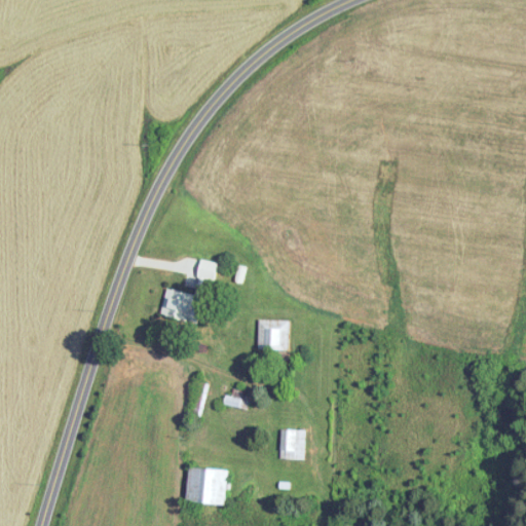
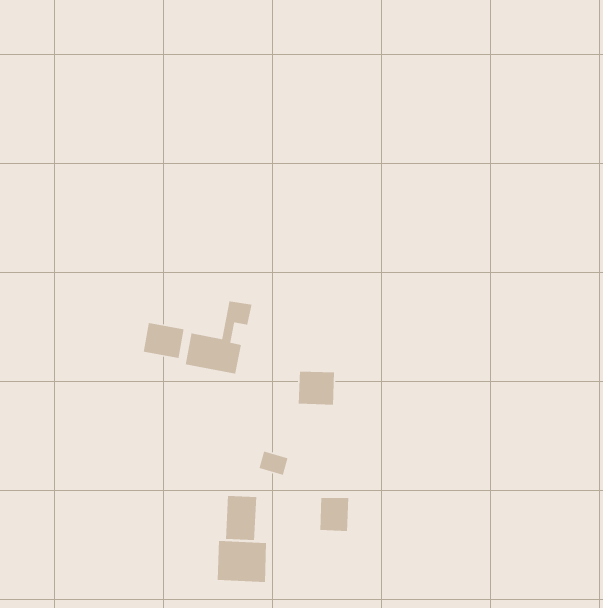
building: none -> [143,322,185,359]
building: none -> [225,495,257,541]

